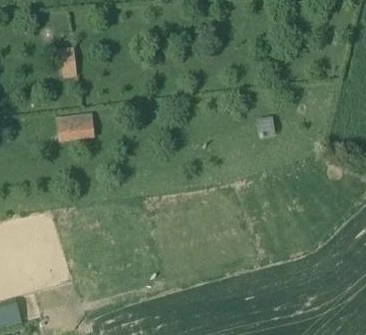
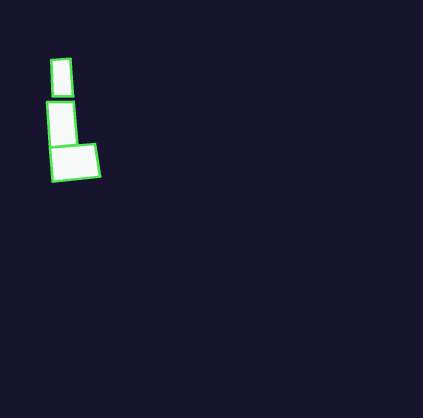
building: none -> [47,102,77,147]

